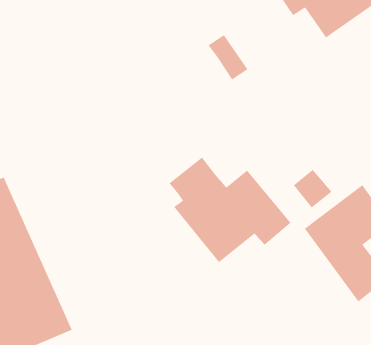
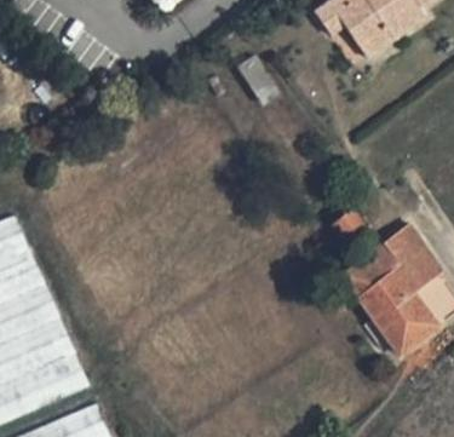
building: [169,157,292,263] -> none

